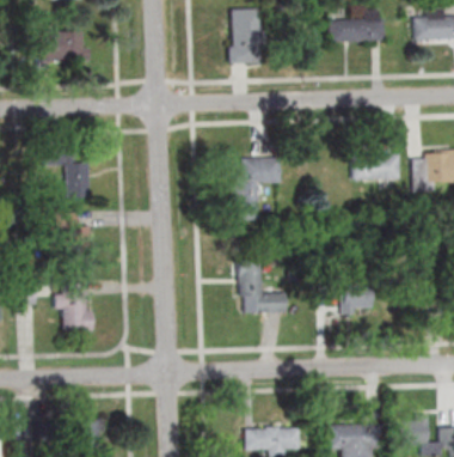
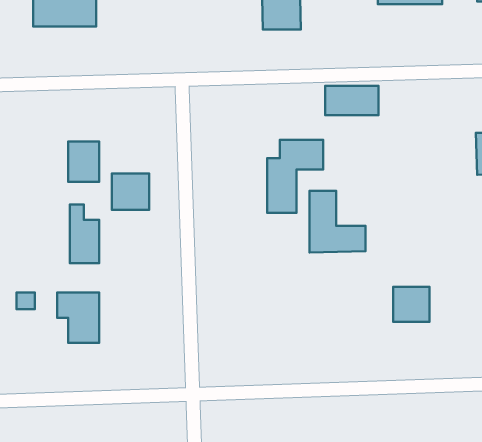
building: [354,153,399,178] -> [325,86,378,115]
building: none -> [112,174,149,210]
building: [239,260,287,312] -> [310,191,366,253]

